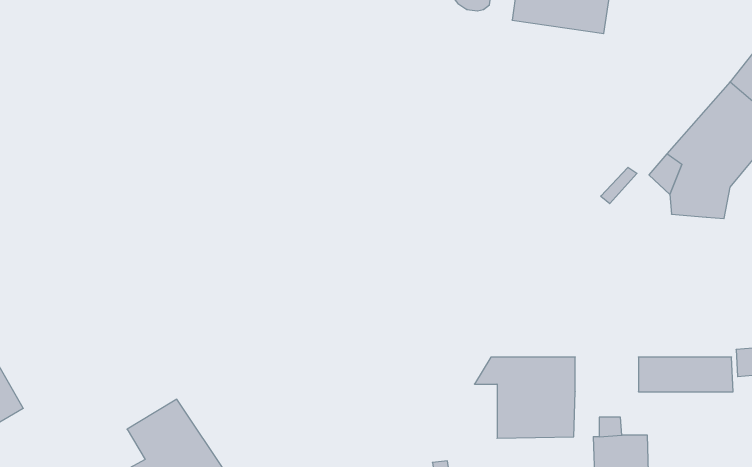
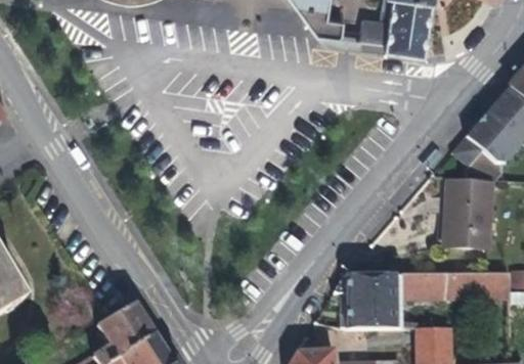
building: none -> [442,178,491,249]
building: none -> [402,276,445,300]

